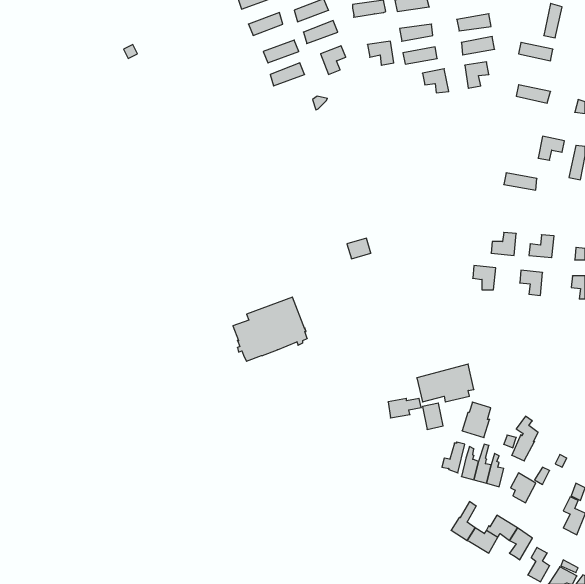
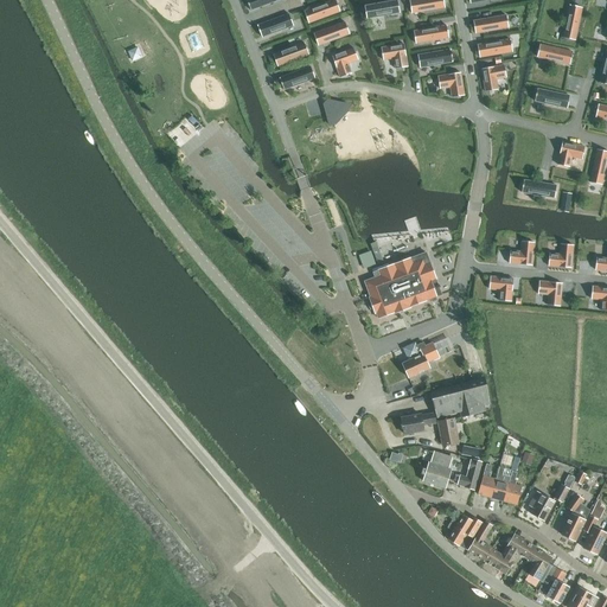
building: [233,297,307,361] -> [364,251,441,318]
building: none -> [402,341,447,377]
building: [462,402,491,438] -> [423,451,453,487]
building: [512,416,538,461] -> [562,493,589,539]
building: none -> [448,513,483,545]

